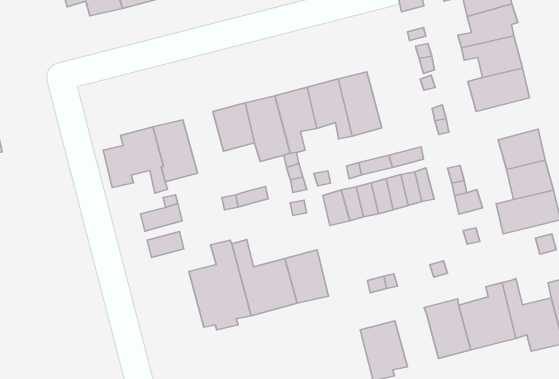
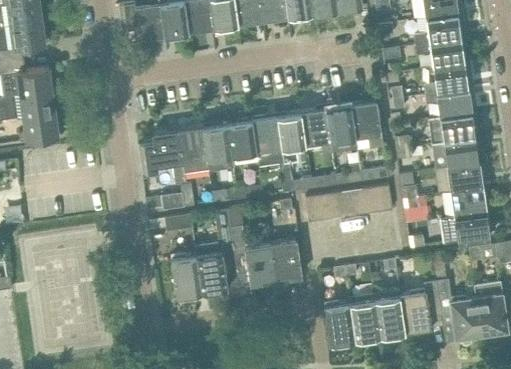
building: none -> [351,103,383,151]
building: none -> [433,141,487,172]
building: none -> [203,125,234,172]
building: none -> [171,257,202,297]
building: none -> [352,300,383,341]

